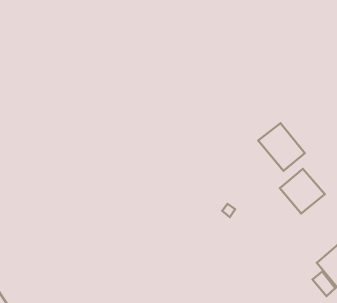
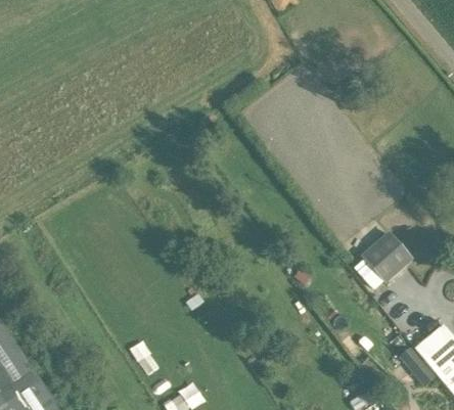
building: [258,123,305,171] -> none

